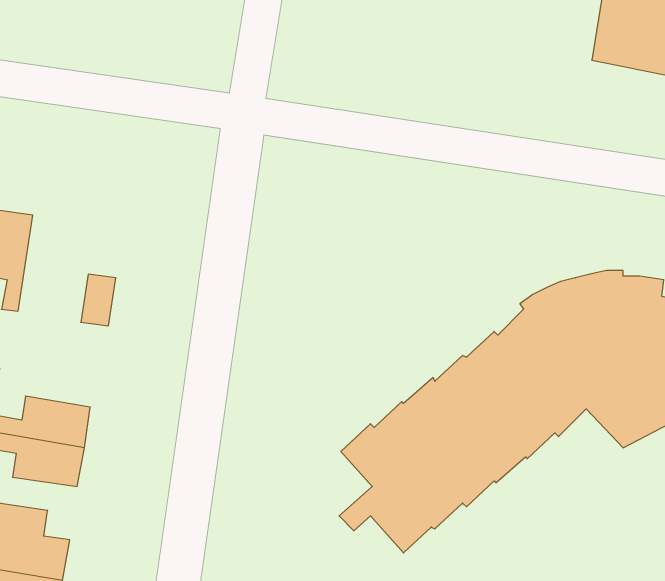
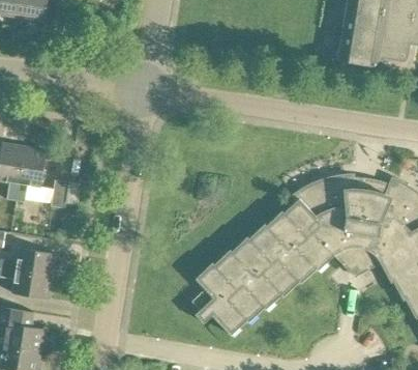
building: none -> [14,145,46,201]

